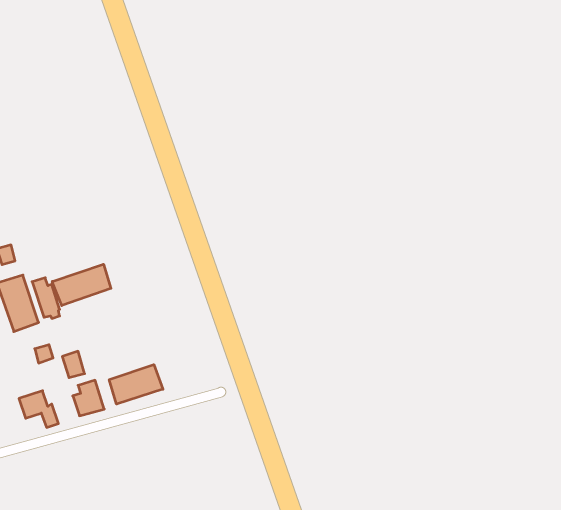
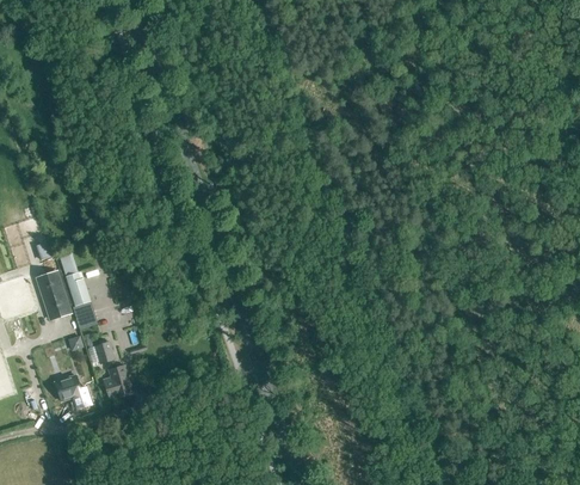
building: [52,264,111,306] -> none
building: [109,365,163,404] -> none

